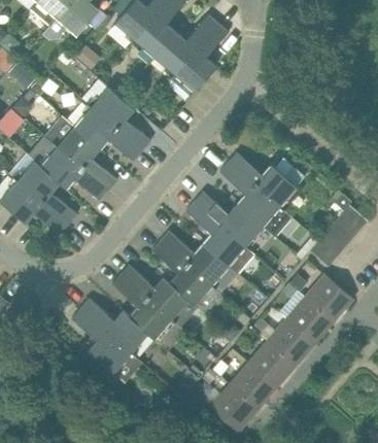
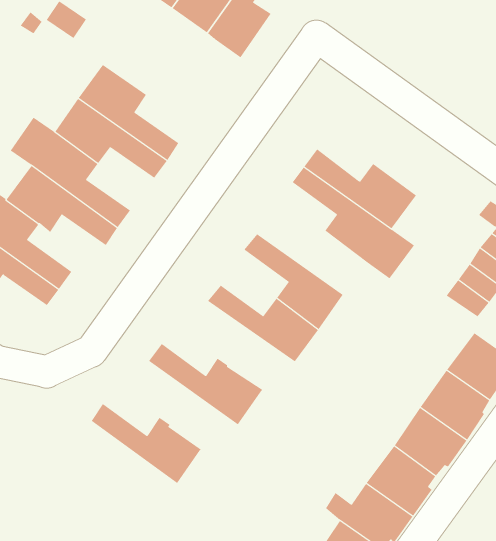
building: [195,192,262,245] -> none
building: [151,241,220,313] -> none
building: [111,275,172,340] -> none
building: [71,309,131,373] -> none

